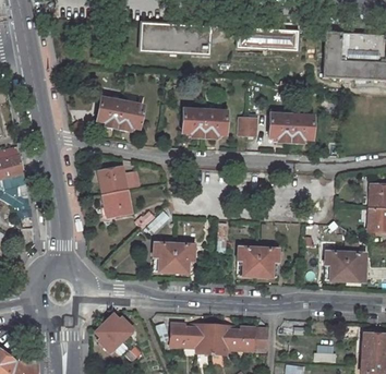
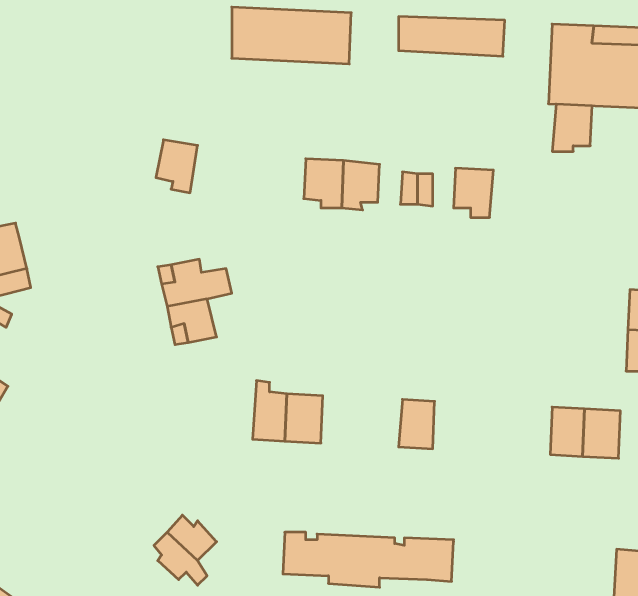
building: [118,99,144,129] -> none
building: [290,113,313,141] -> [552,104,592,151]
building: [257,246,279,275] -> none

